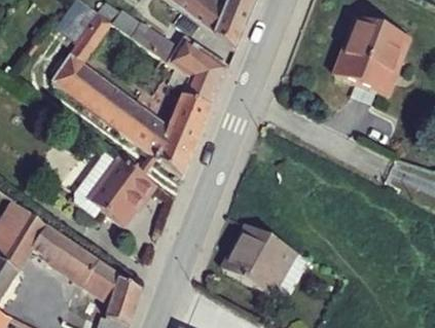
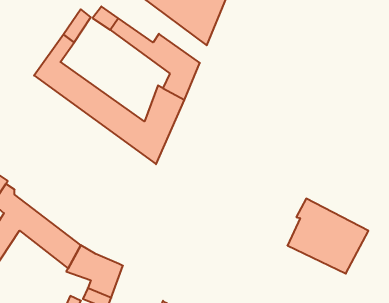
building: [329,25,400,103] -> none
building: [82,160,150,230] -> none
building: [225,221,311,300] -> [287,199,368,274]

